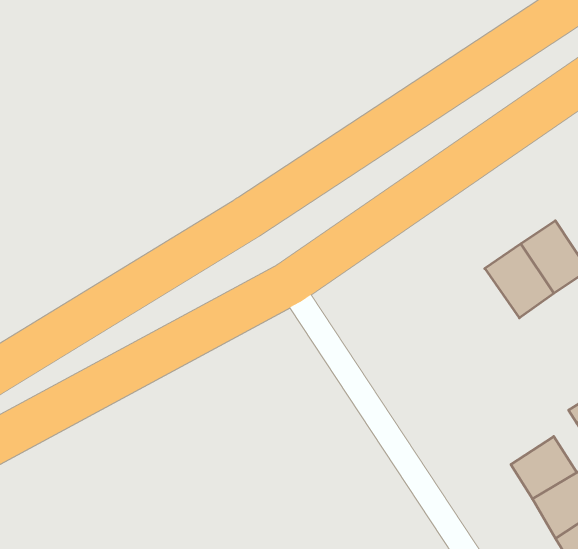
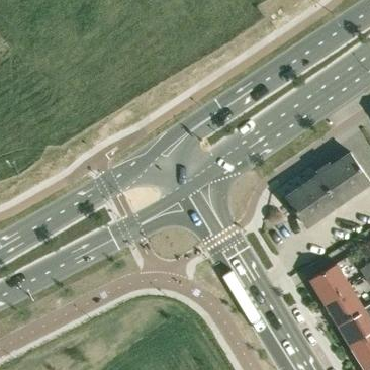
building: none -> [286,183,329,227]
building: none -> [309,265,350,303]

